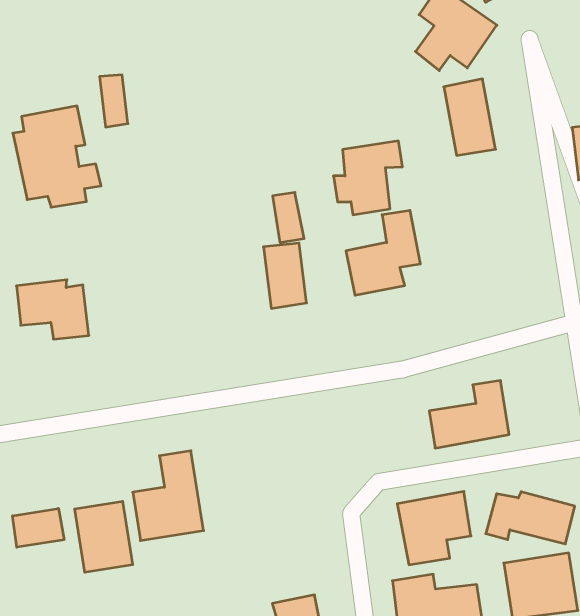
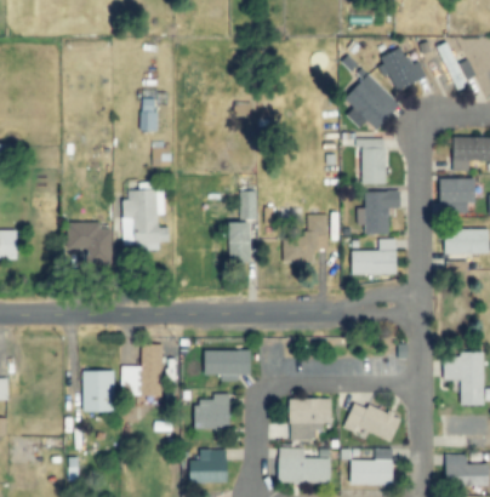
building: [13,106,101,207] -> [120,189,171,251]
building: [333,141,402,215] -> [357,192,401,234]
building: [429,381,509,448] -> [348,239,397,275]
building: none -> [204,350,252,376]
building: [13,508,64,547] -> none
building: none -> [194,394,230,430]

